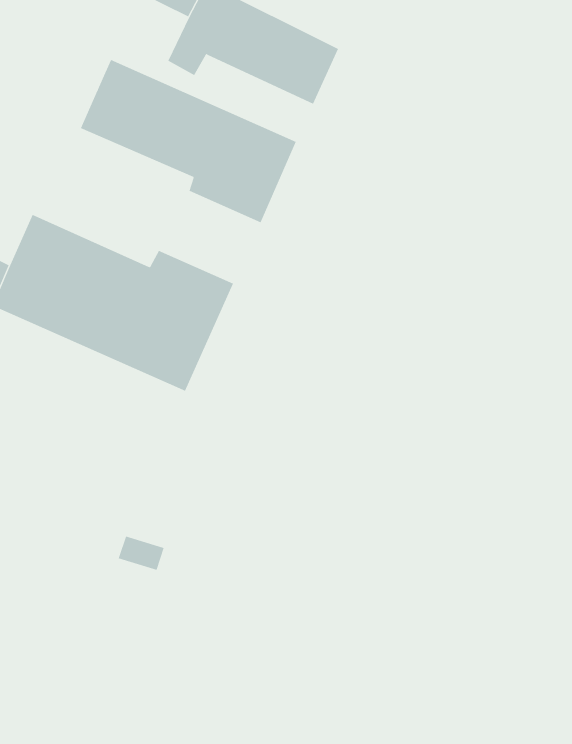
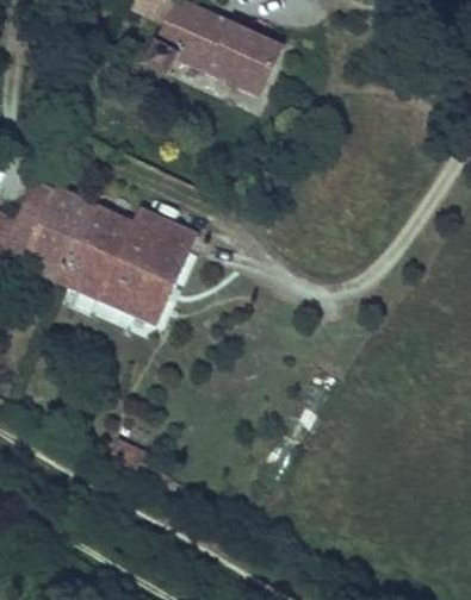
building: [80,59,297,223] -> none

